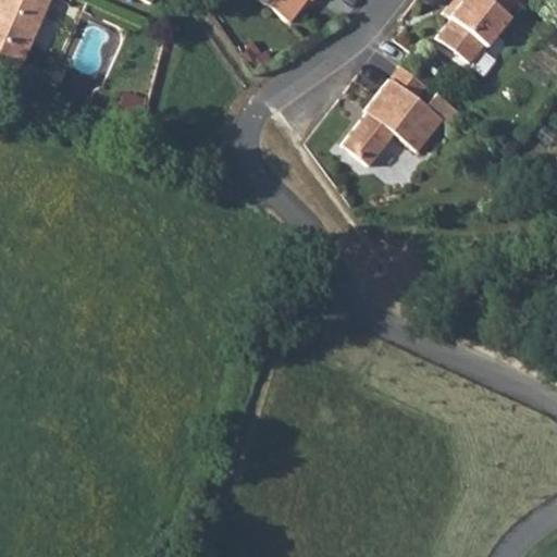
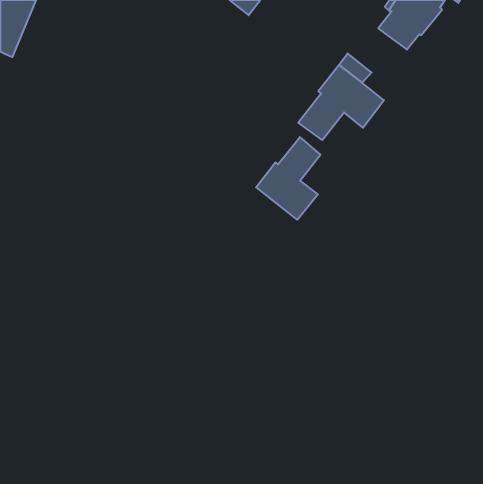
building: none -> [256,137,320,220]

